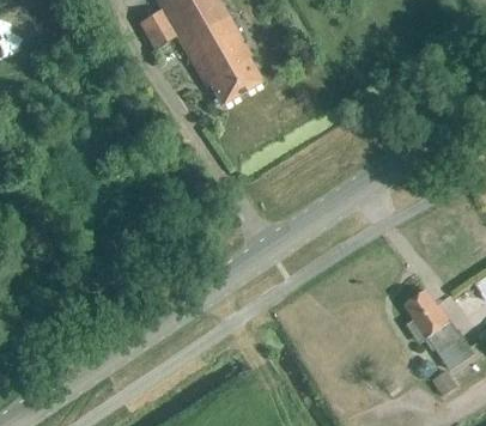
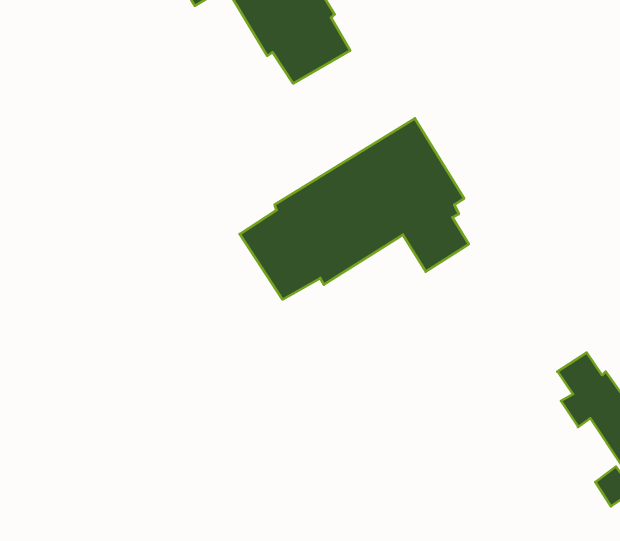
building: none -> [240,118,469,299]

